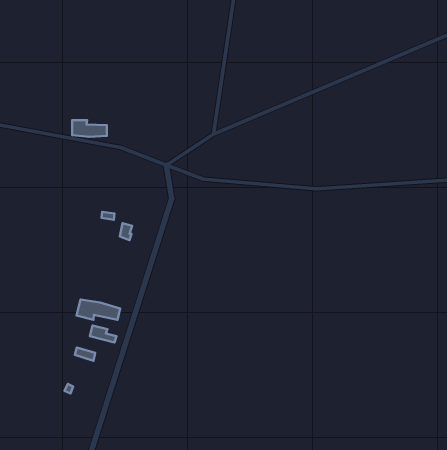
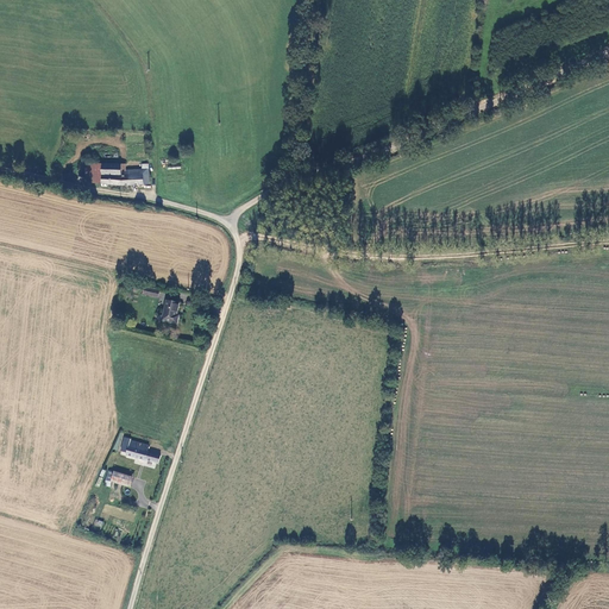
building: [76,300,120,320] -> none

